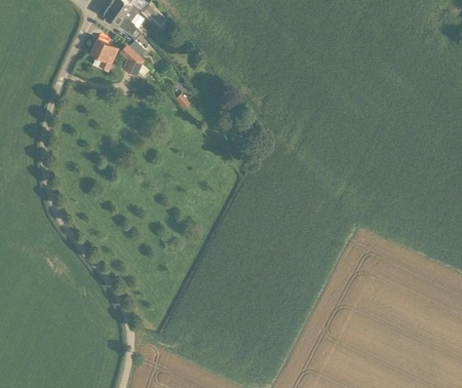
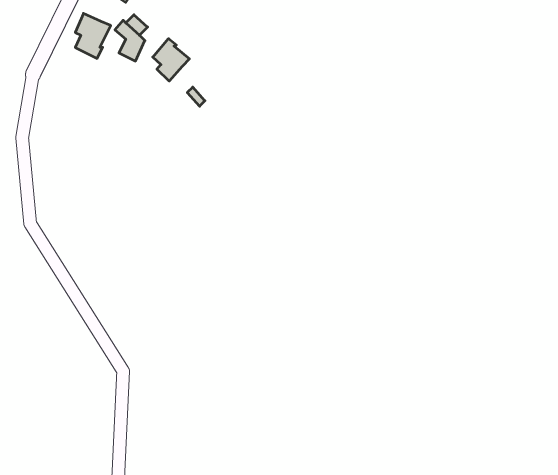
building: none -> [153,39,189,81]

